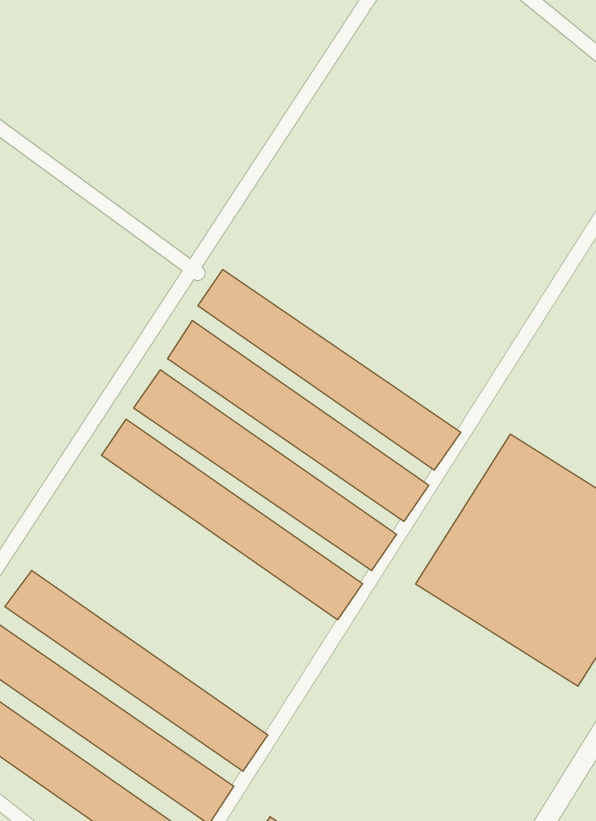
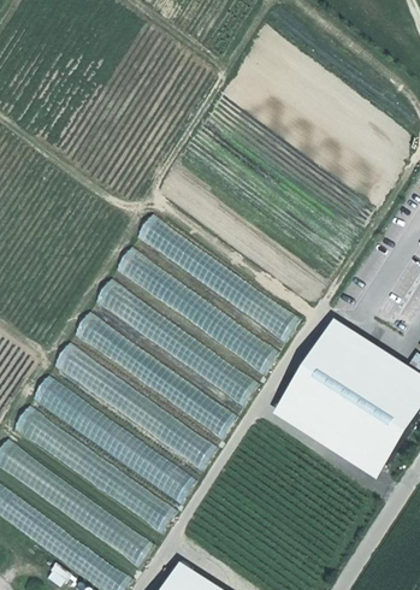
building: none -> [52,342,219,470]
building: none -> [31,374,197,502]

